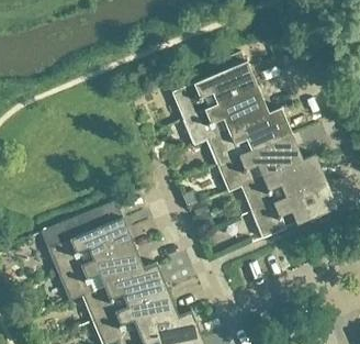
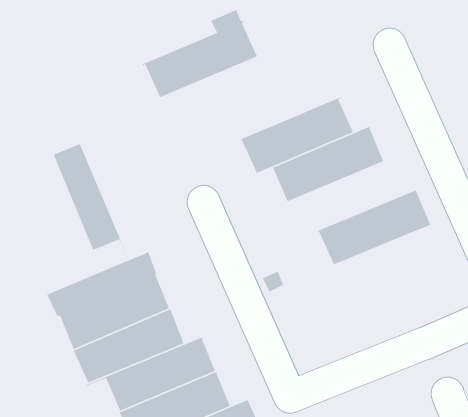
building: [171,53,258,120] -> [142,9,259,99]
building: none -> [52,141,129,259]
building: [216,135,315,192] -> none
building: [251,182,337,240] -> none

